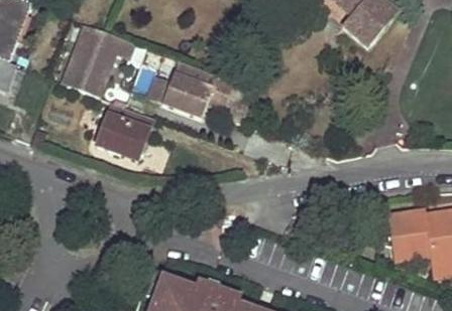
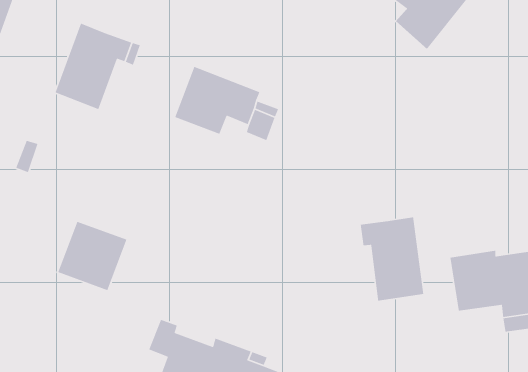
building: [98,101,155,158] -> [57,221,127,291]
building: none -> [360,216,424,302]

